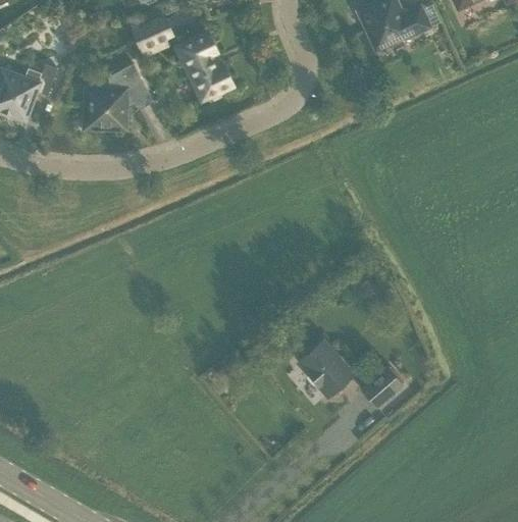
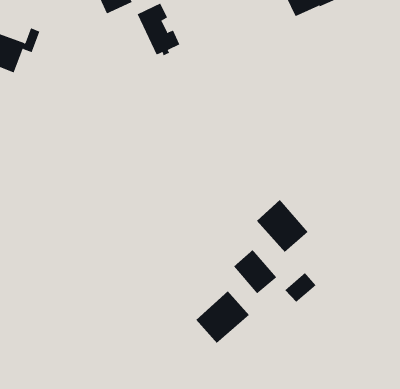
building: [83,63,153,130] -> none
building: none -> [256,199,308,253]
building: none -> [196,291,250,344]

